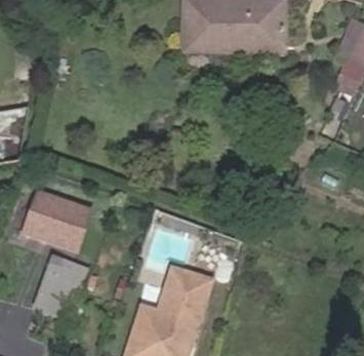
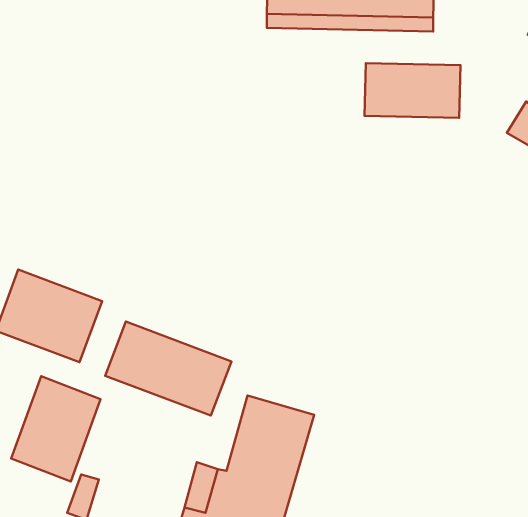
building: none -> [365,63,461,118]
building: none -> [105,322,232,416]

